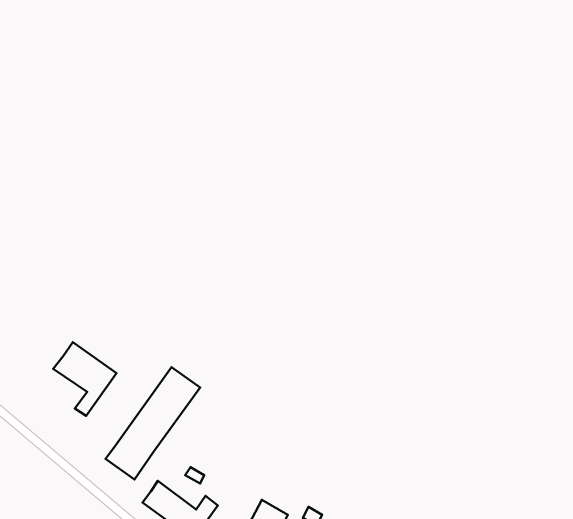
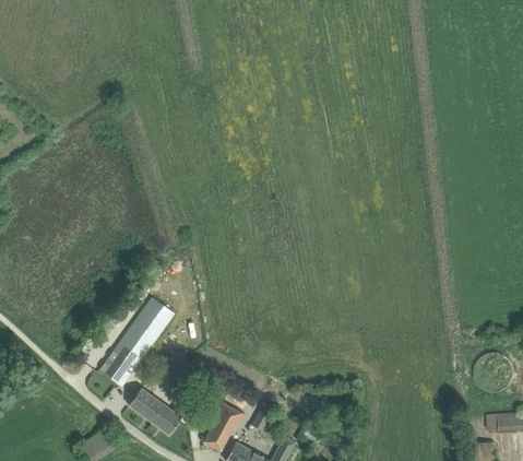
building: [53,342,117,416] -> none

